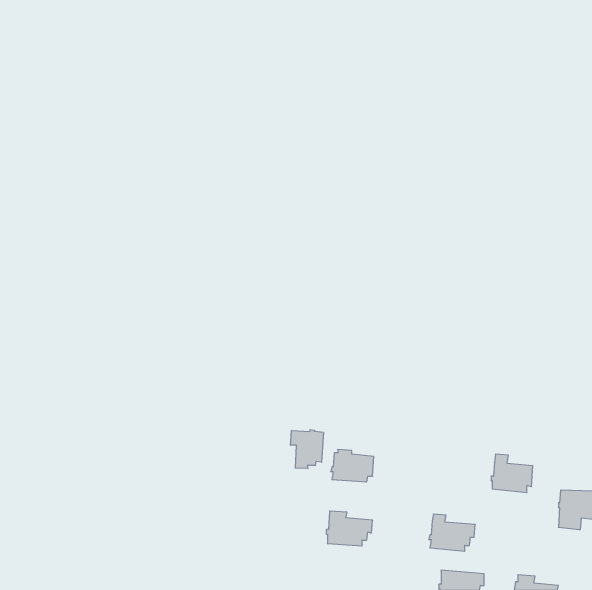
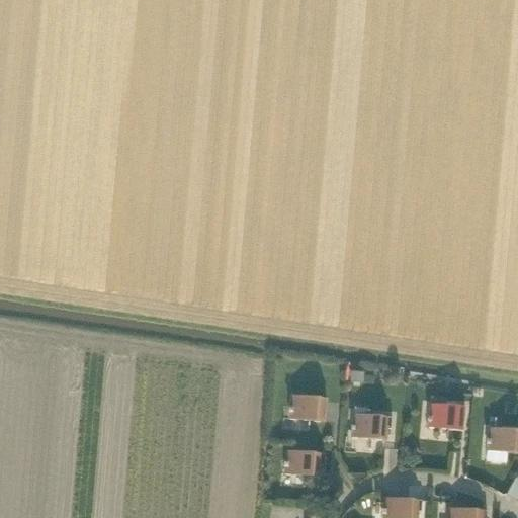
building: [291,430,324,469] -> none
building: [429,514,475,551] -> [352,407,393,439]

